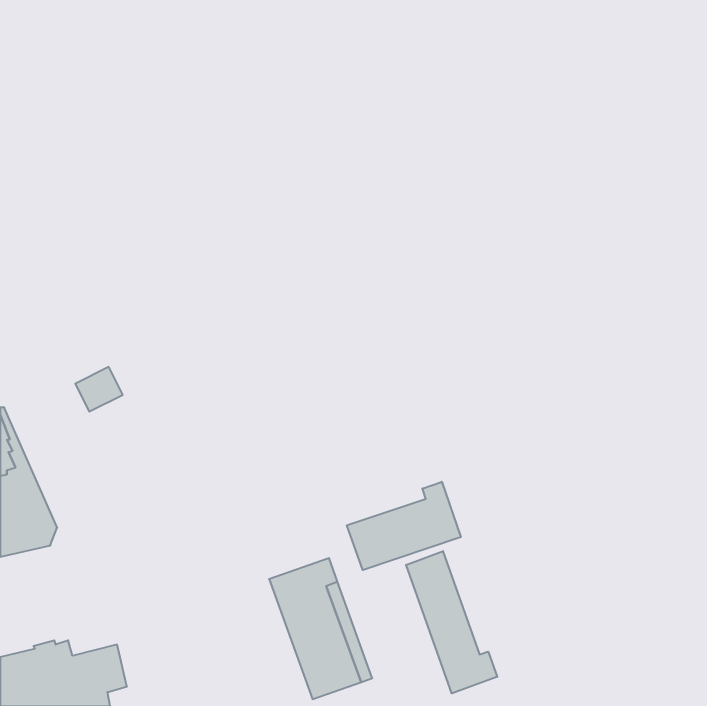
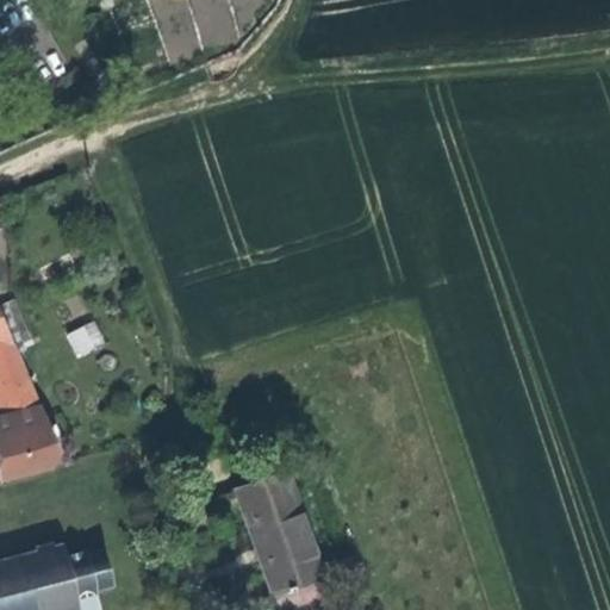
building: [347,482,461,570] -> none
building: [406,551,497,693] -> none

